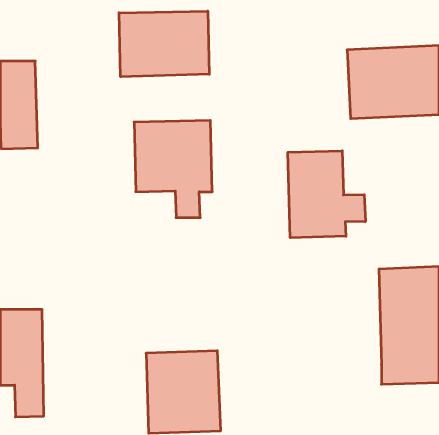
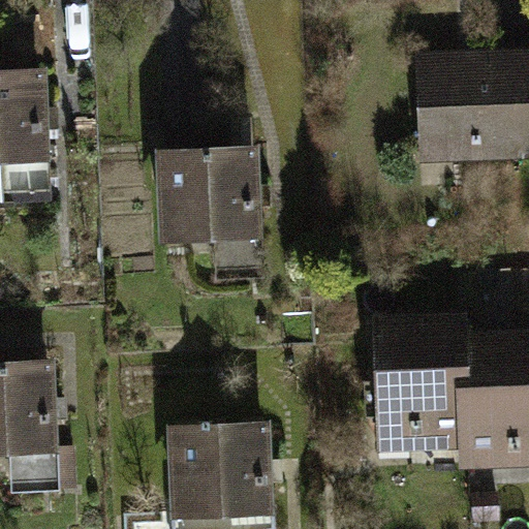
building: [119,11,209,77] -> none
building: [288,151,365,238] -> none
building: none -> [378,310,459,445]

